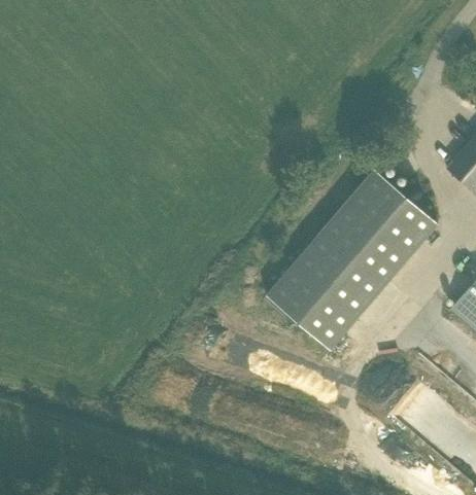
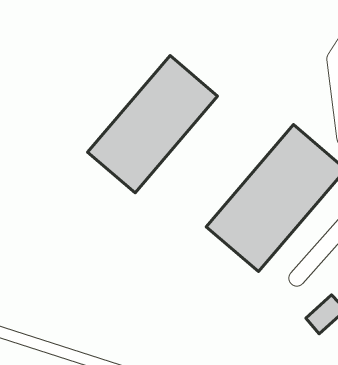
building: none -> [88,56,218,193]

